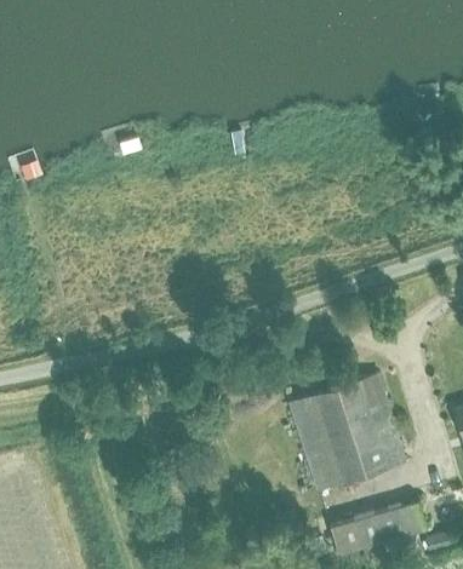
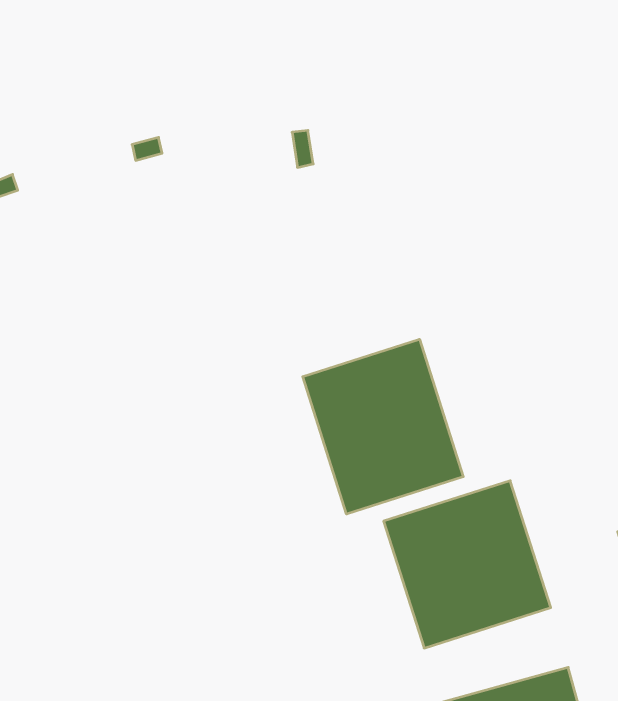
building: none -> [303,339,463,514]

